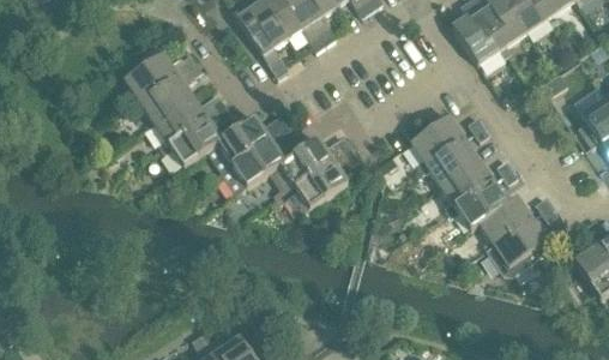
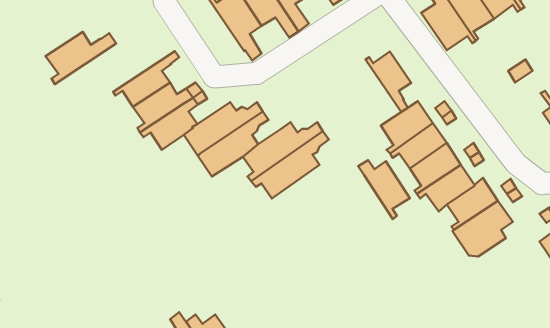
building: [123,50,197,104] -> [46,32,116,84]
building: none -> [366,51,411,112]
building: none -> [358,160,410,219]

